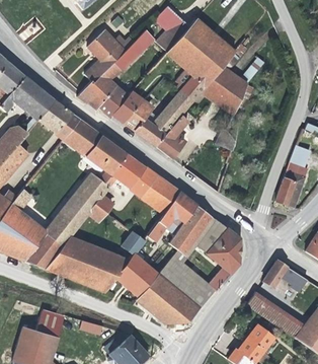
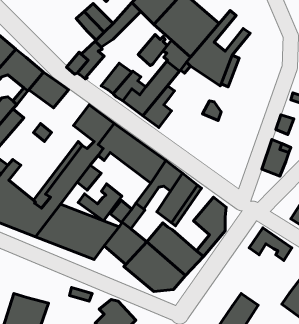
building: [97,85,127,117] -> [138,35,167,65]
building: [62,119,100,155] -> none
building: none -> [78,184,122,221]
building: [197,219,227,252] -> none
building: [246,291,305,338] -> none
building: [36,309,65,337] -> none

